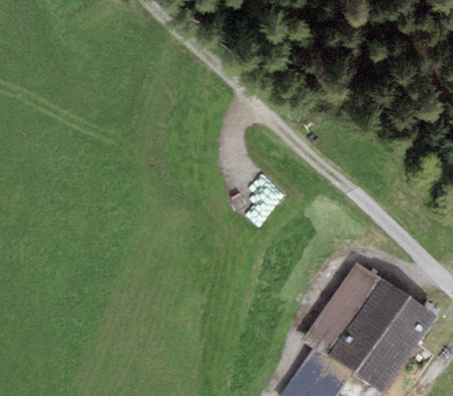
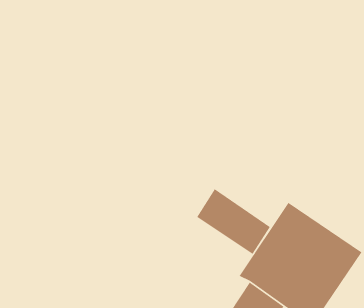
building: none -> [196,188,271,255]

